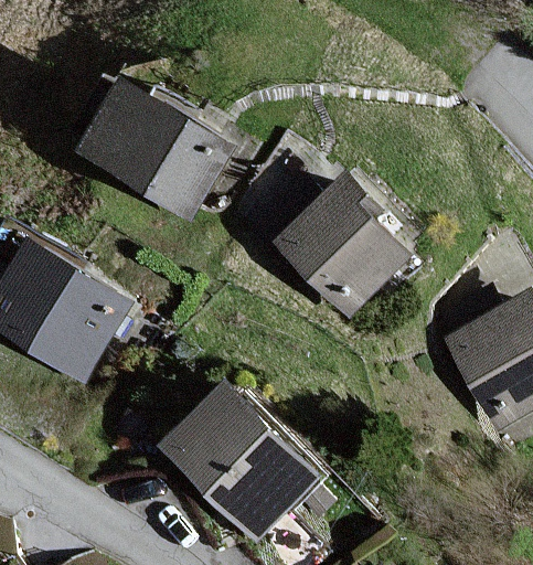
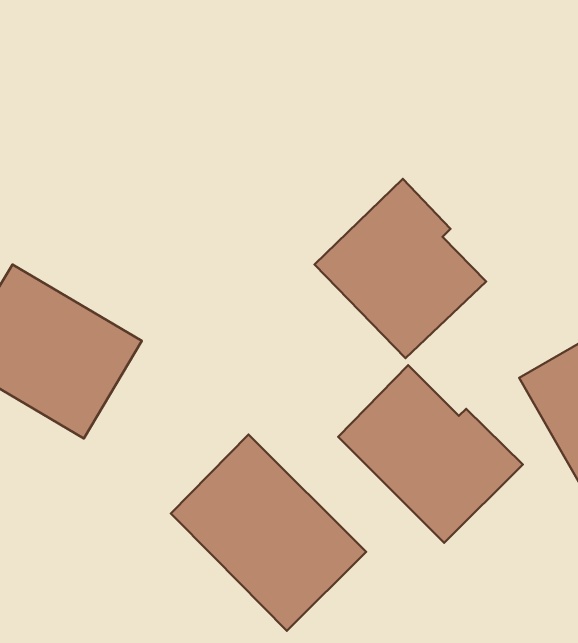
building: [79,70,242,218] -> none
building: none -> [338,365,523,543]

